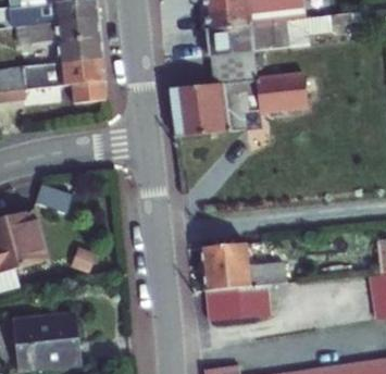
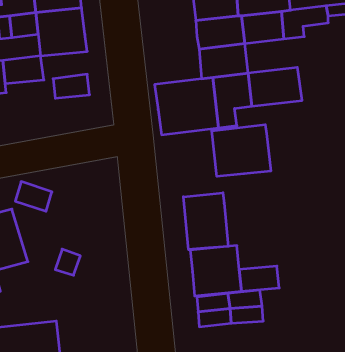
building: [58,58,104,85] -> none
building: none -> [212,125,271,176]
building: none -> [183,193,228,250]

